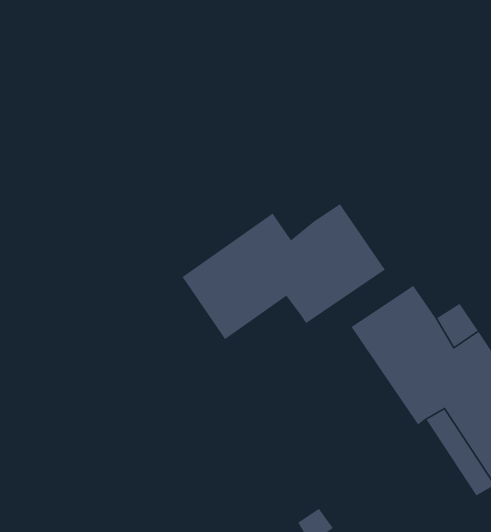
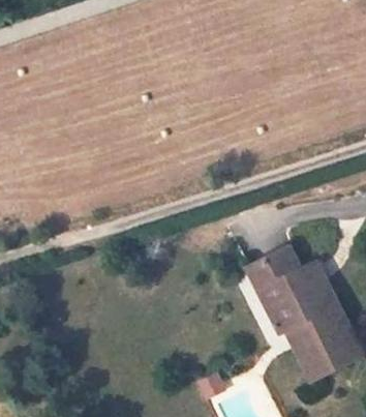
building: [181,203,386,340] -> none

